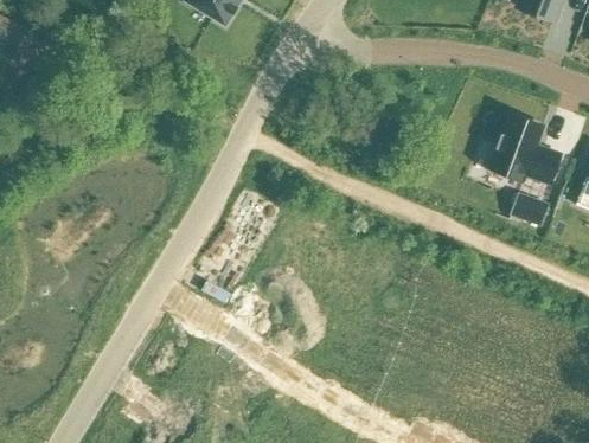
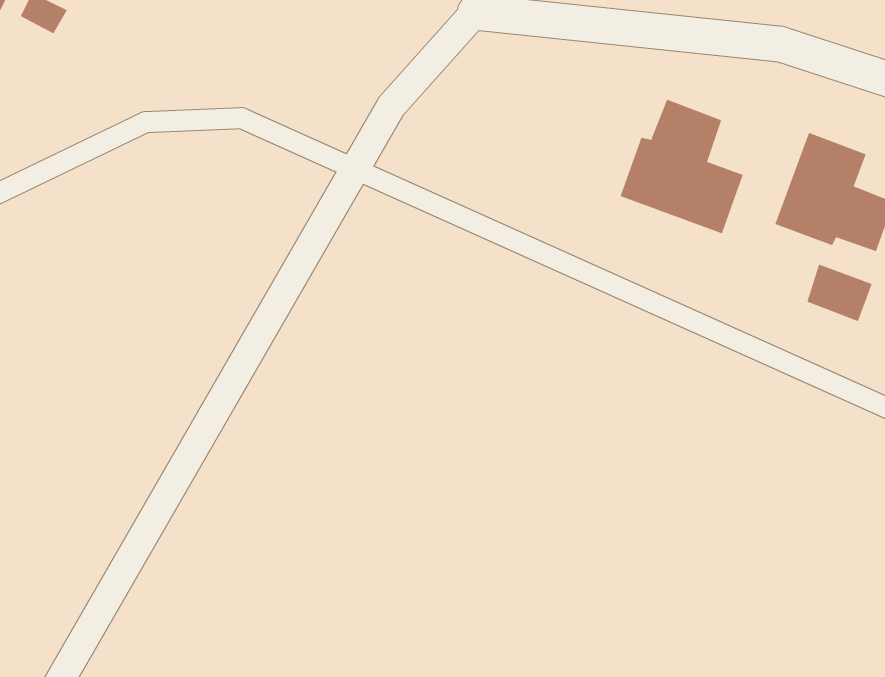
building: none -> [620,99,743,234]

